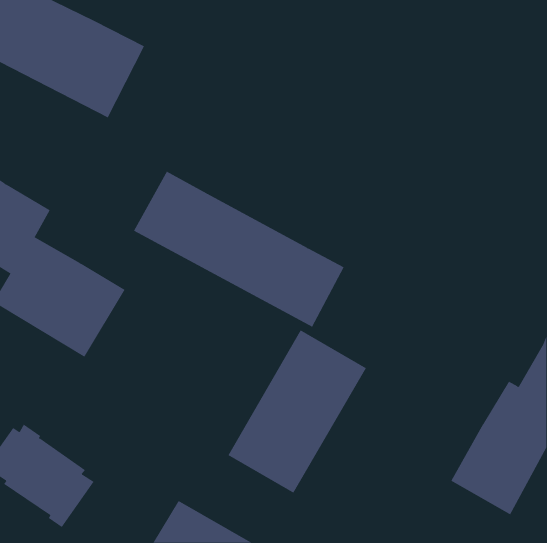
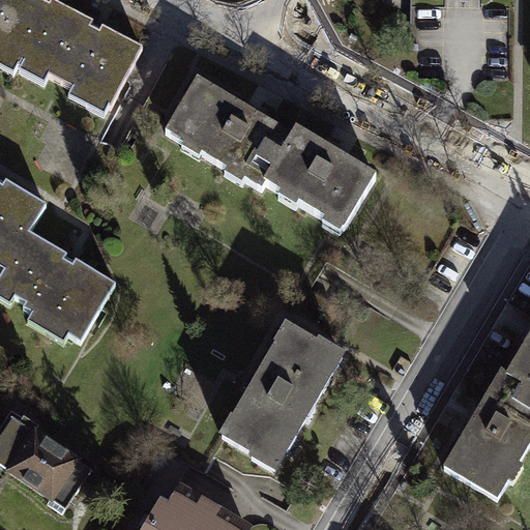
building: [133,171,345,327] -> [167,76,371,227]

